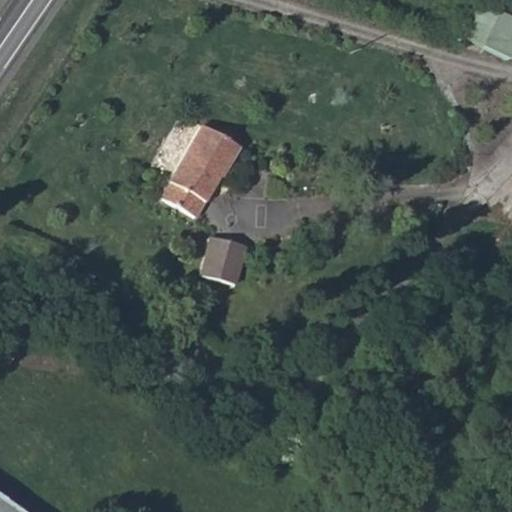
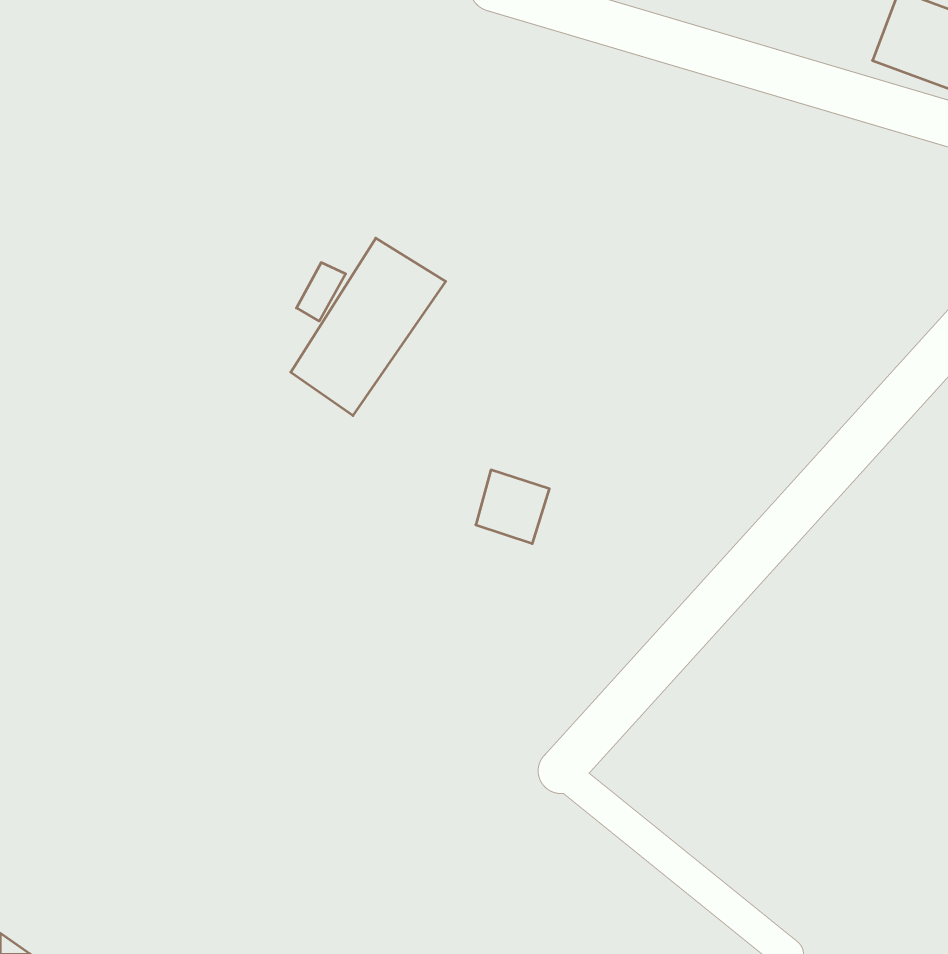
building: [202,234,241,273] -> [476,470,549,544]

